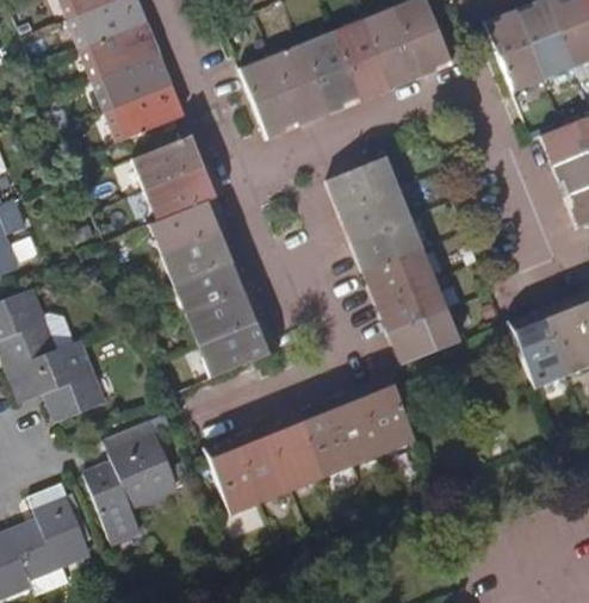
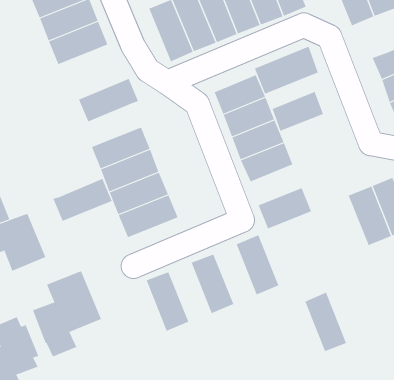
building: none -> [254,46,319,94]
building: [132,131,213,189] -> none
building: [149,195,230,254] -> [53,178,112,222]
building: [377,278,447,332] -> [272,91,324,132]
building: [328,385,385,466] -> [304,292,347,352]
building: [267,410,324,490] -> none
building: [204,434,264,516] -> none

